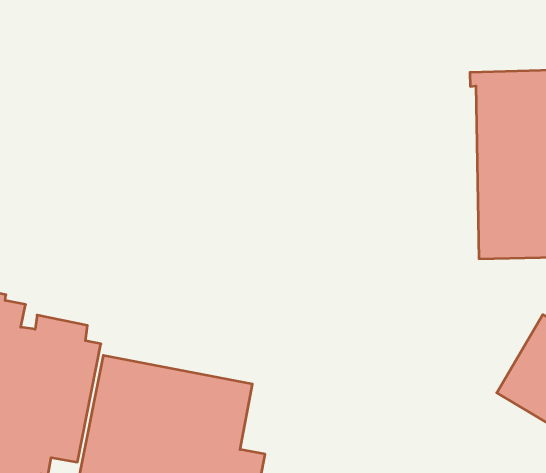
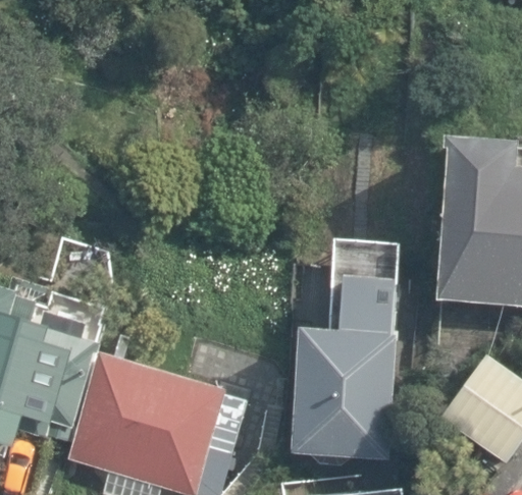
building: none -> [295,274,397,457]

